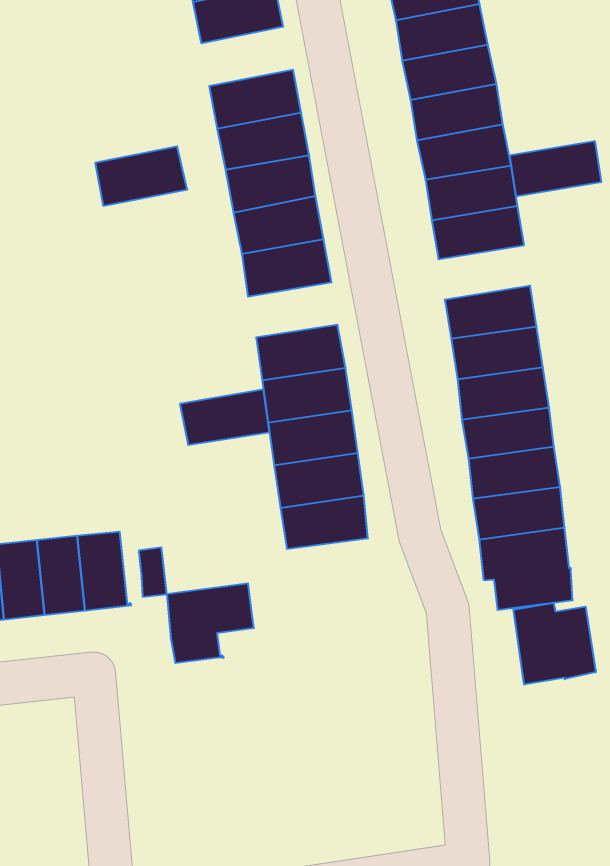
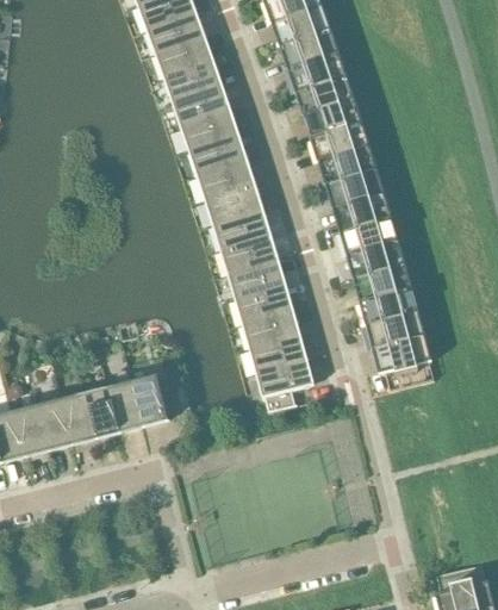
building: [509,141,601,196] -> [324,169,381,208]
building: [95,146,187,206] -> [164,58,222,100]
building: [180,390,270,445] -> [213,207,269,247]
building: [167,583,254,663] -> [257,357,312,411]
building: [514,603,596,685] -> none

